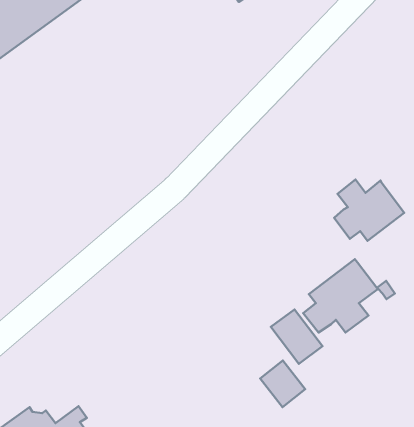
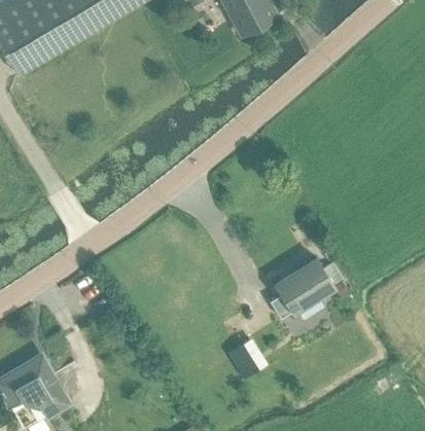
building: [334,179,404,241] -> none
building: [271,309,322,364] -> none

